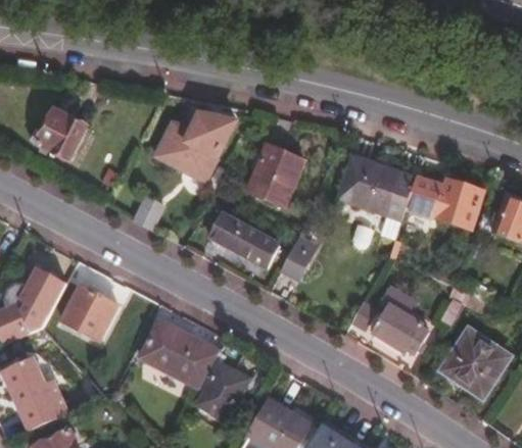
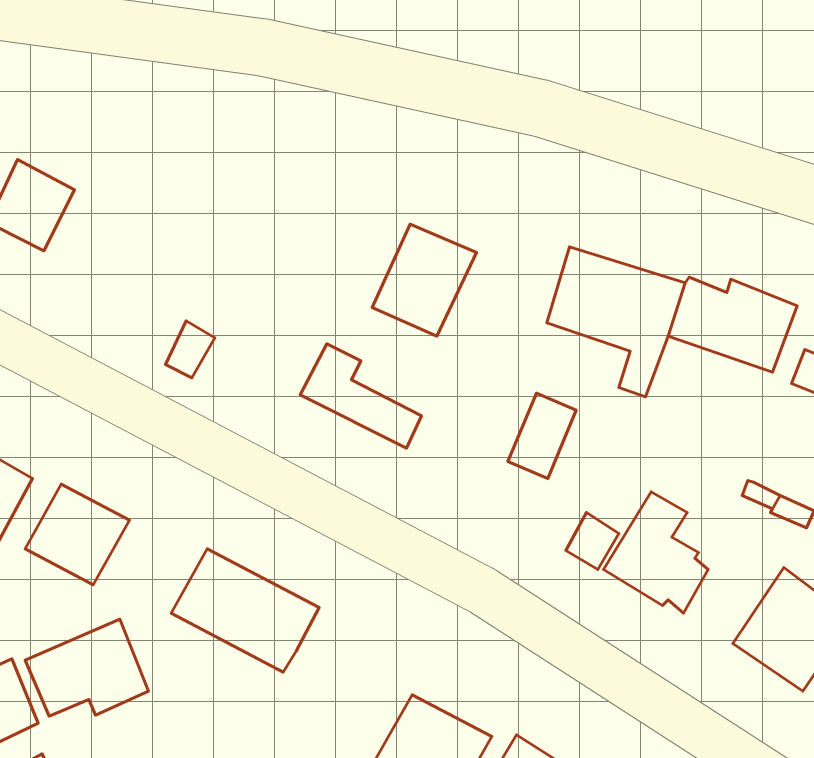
building: [155,114,235,180] -> none
building: [280,238,317,284] -> [508,393,576,478]
building: [195,339,245,419] -> none
building: none -> [25,619,148,716]

